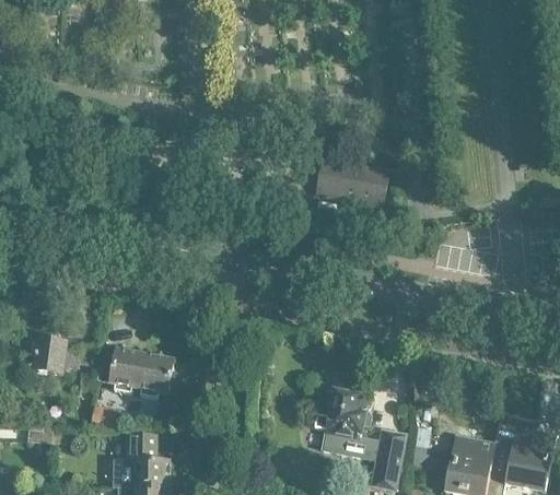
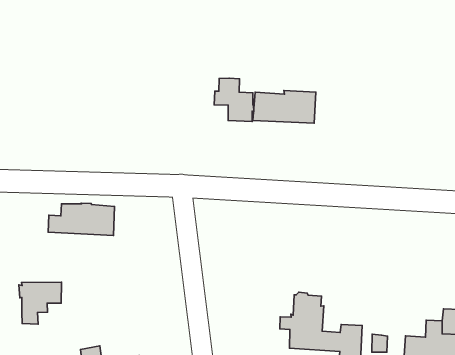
building: none -> [214,78,254,122]
building: [96,350,173,392] -> [48,203,115,236]

